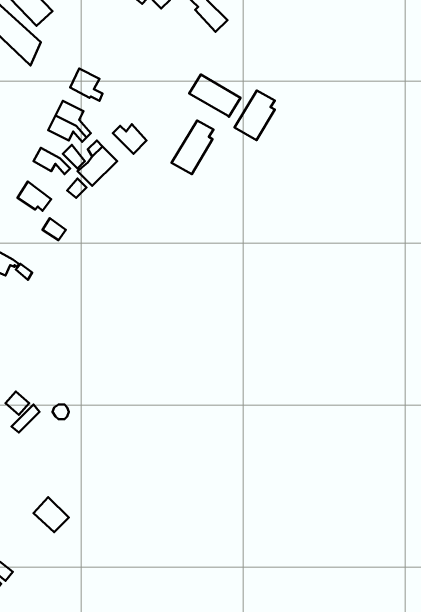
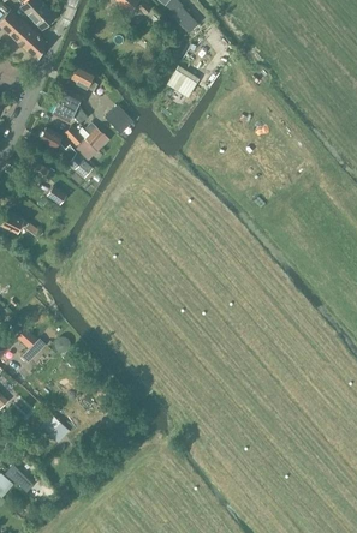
building: [235,91,275,140] -> none
building: [172,120,214,174] -> none

